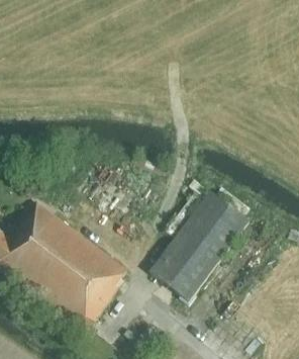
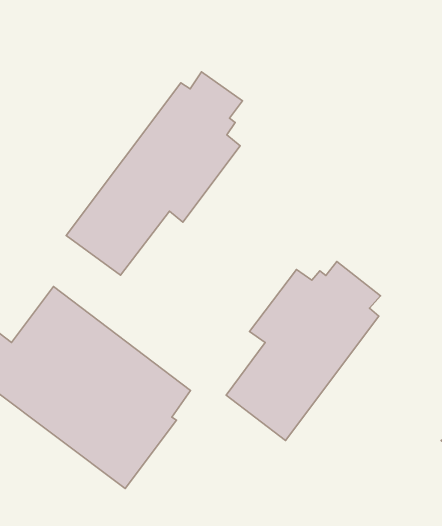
building: none -> [66,72,242,275]

